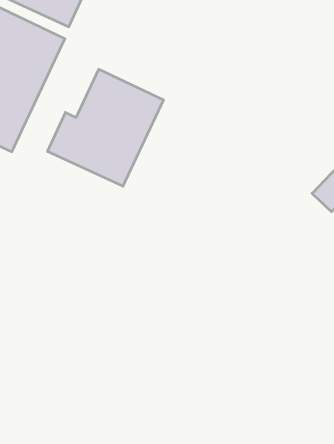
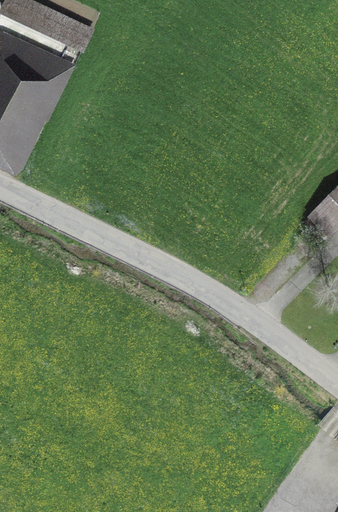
building: [48,69,163,186] -> none

